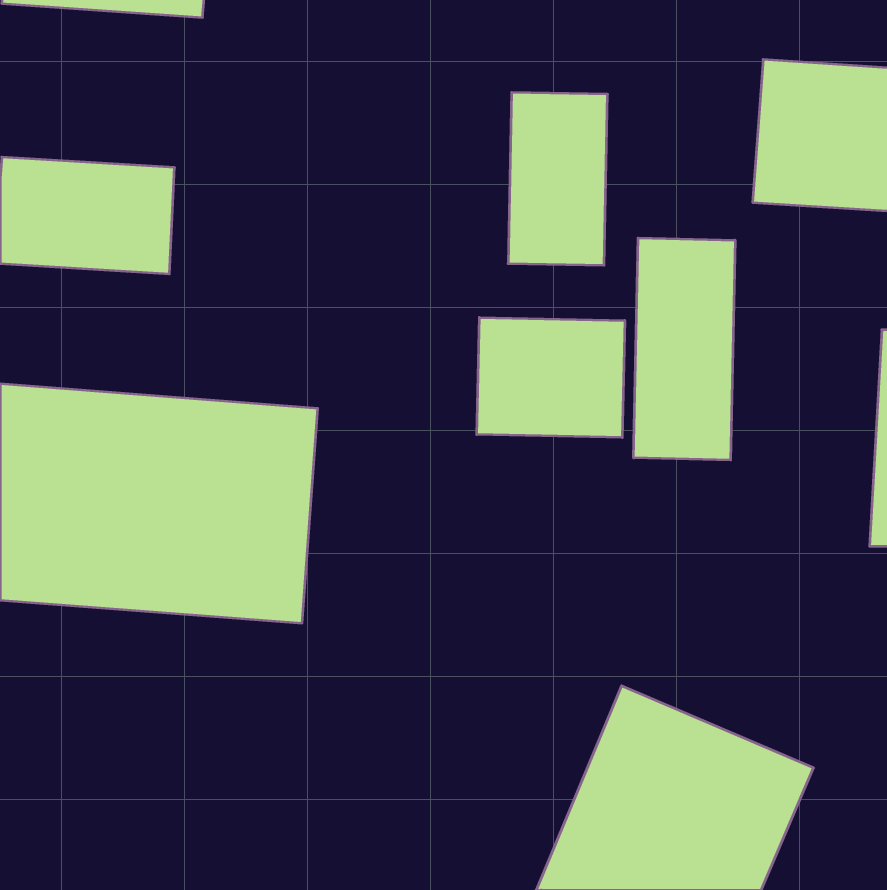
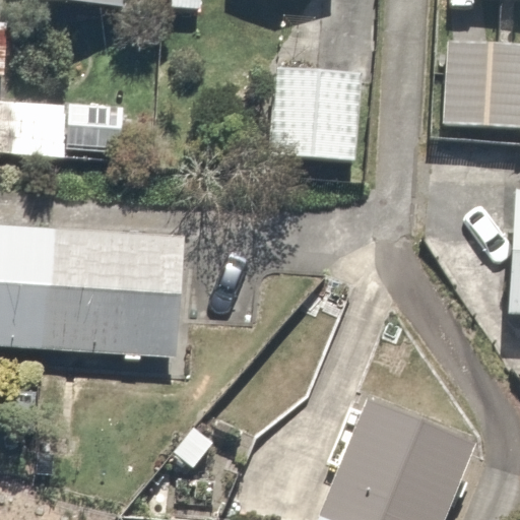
building: [634,238,735,460] -> none
building: [477,317,625,438] -> none

